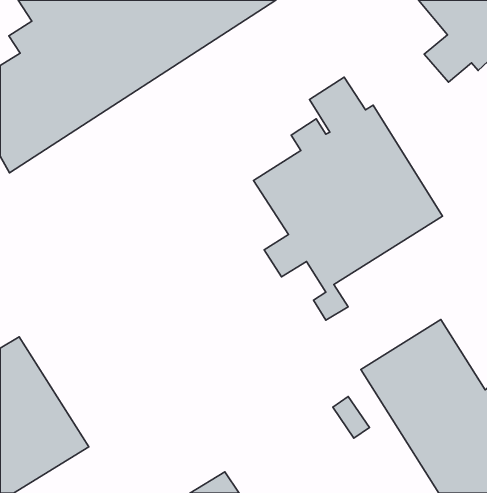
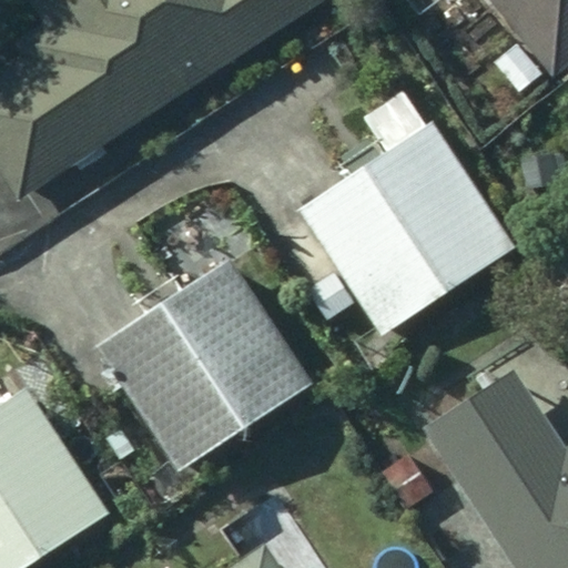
building: none -> [93,261,311,473]

